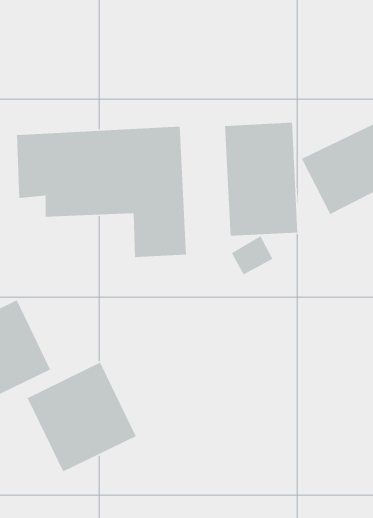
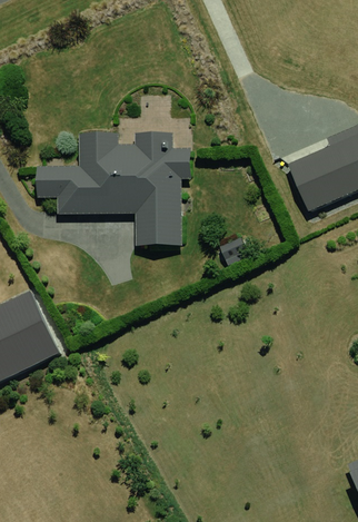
building: [224,122,298,237] -> none
building: [27,361,137,473] -> none

